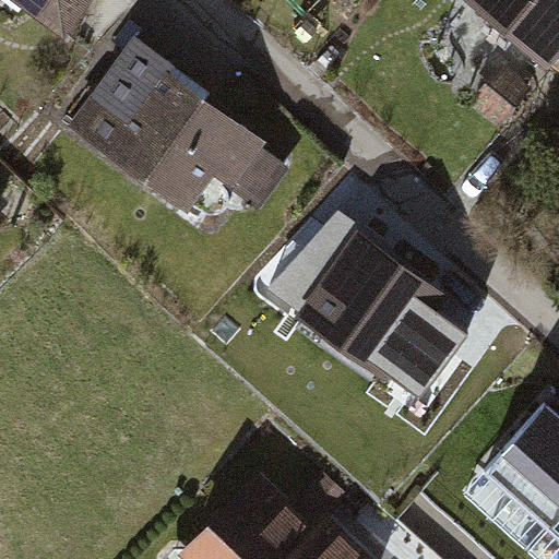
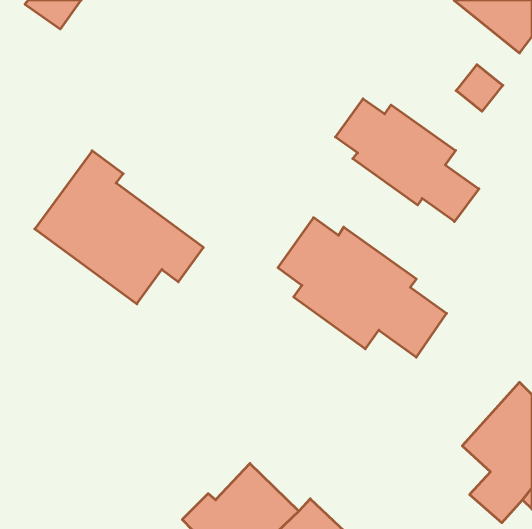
building: [78,41,254,202] -> [35,151,203,304]
building: none -> [335,99,479,222]

